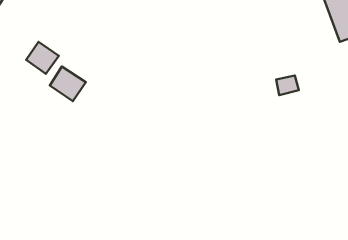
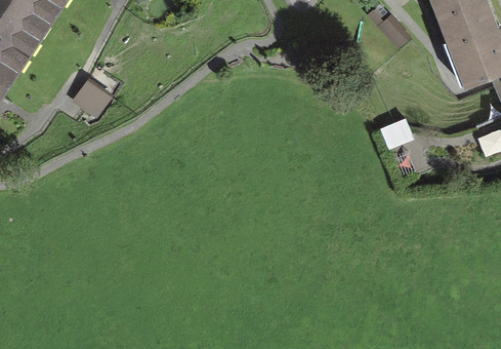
building: [50,67,86,101] -> none

